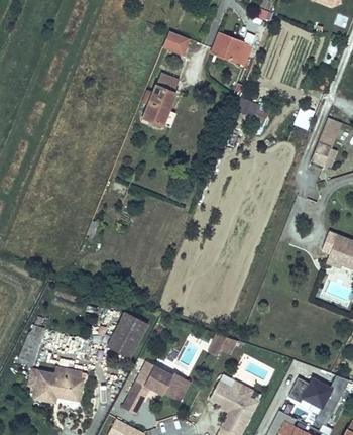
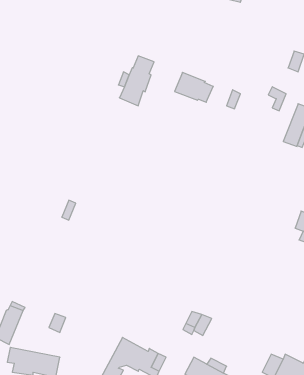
building: [163,31,190,55] -> none
building: [212,34,251,65] -> [175,72,213,102]
building: [106,313,146,358] -> none

